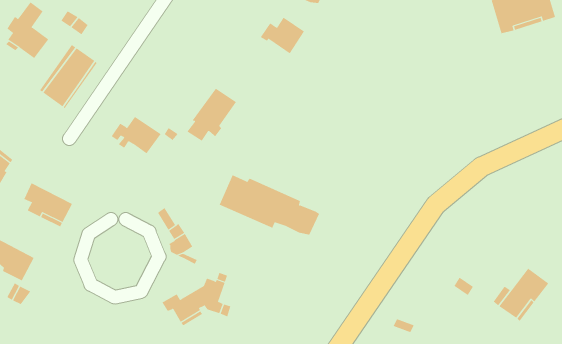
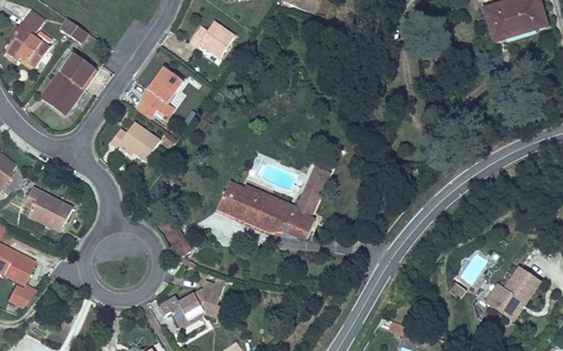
building: [260,17,305,54] -> [190,20,234,56]
building: [186,88,237,142] -> [135,65,184,118]
building: none -> [296,163,331,215]

